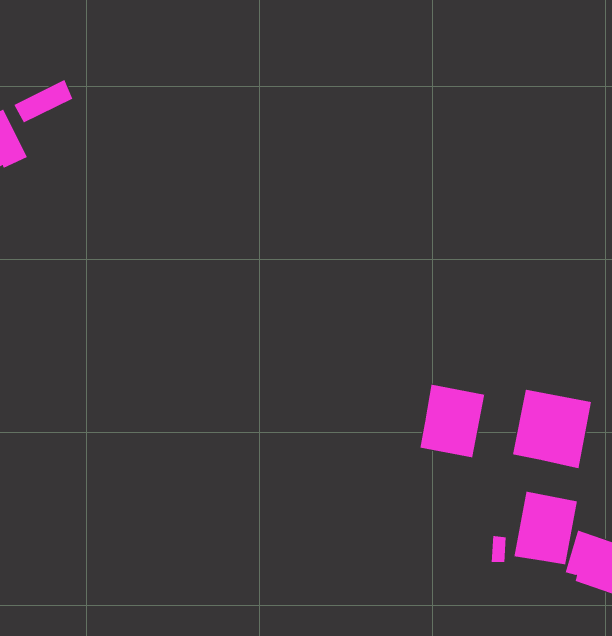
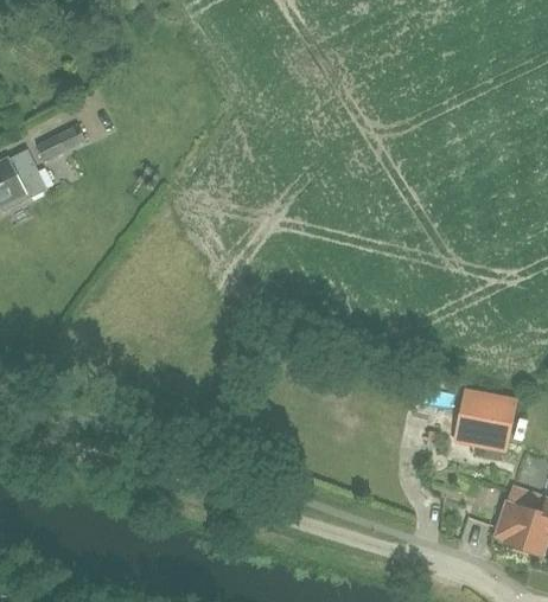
building: [420,384,485,458] -> none
building: [514,491,578,565] -> none

